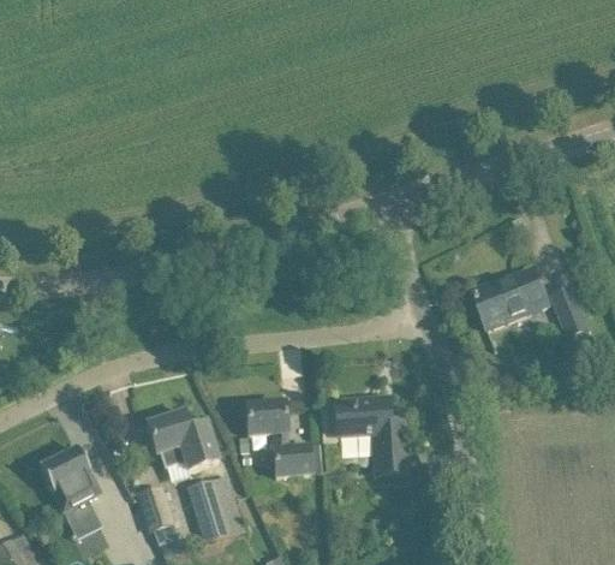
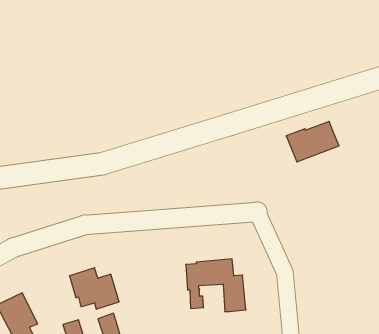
building: [472,268,550,328] -> [286,121,339,162]
building: [554,286,591,341] -> none
building: [247,402,322,476] -> none

